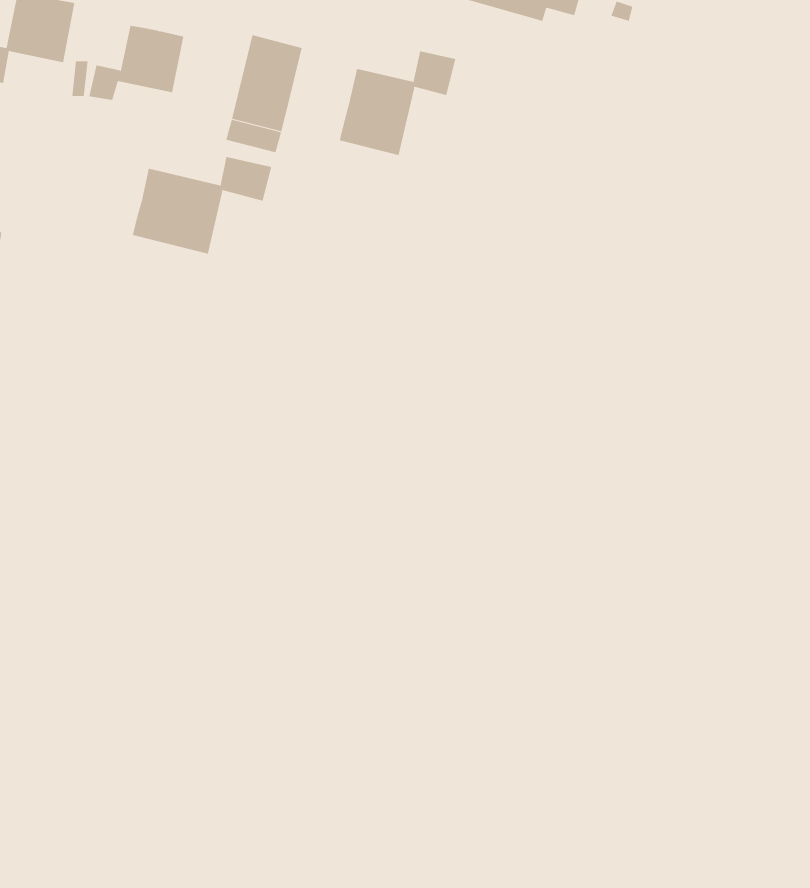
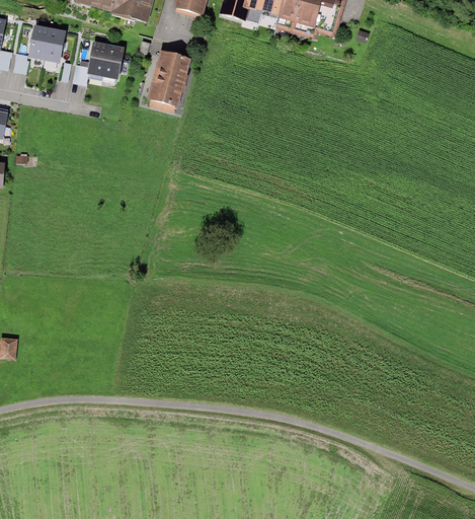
building: [339,50,456,156] -> none
building: [132,156,272,255] -> none

